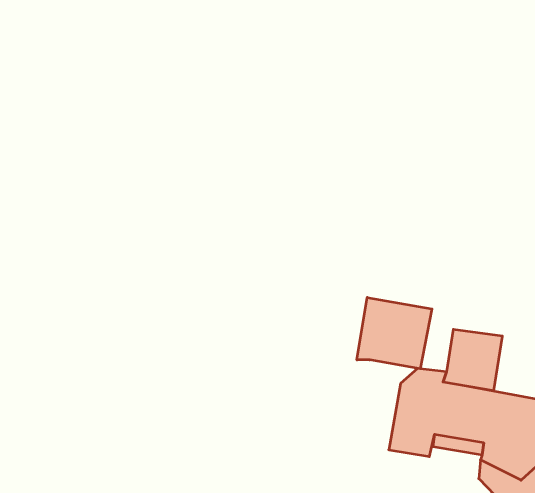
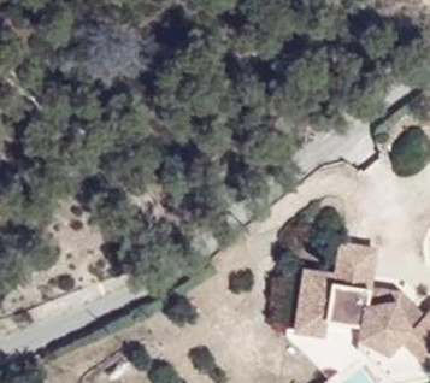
building: [357,297,432,369] -> none

